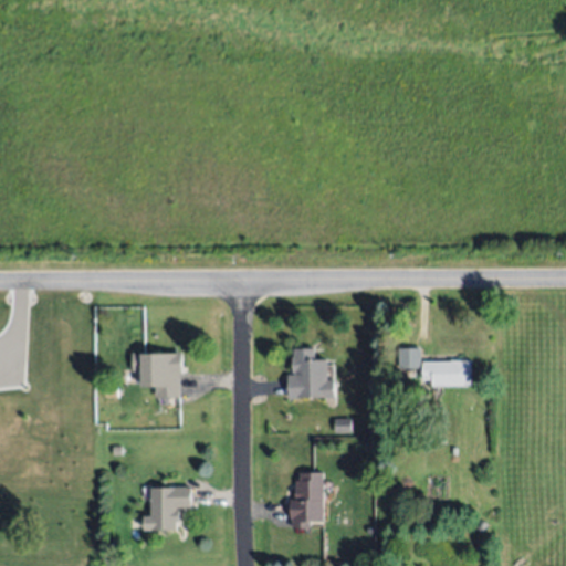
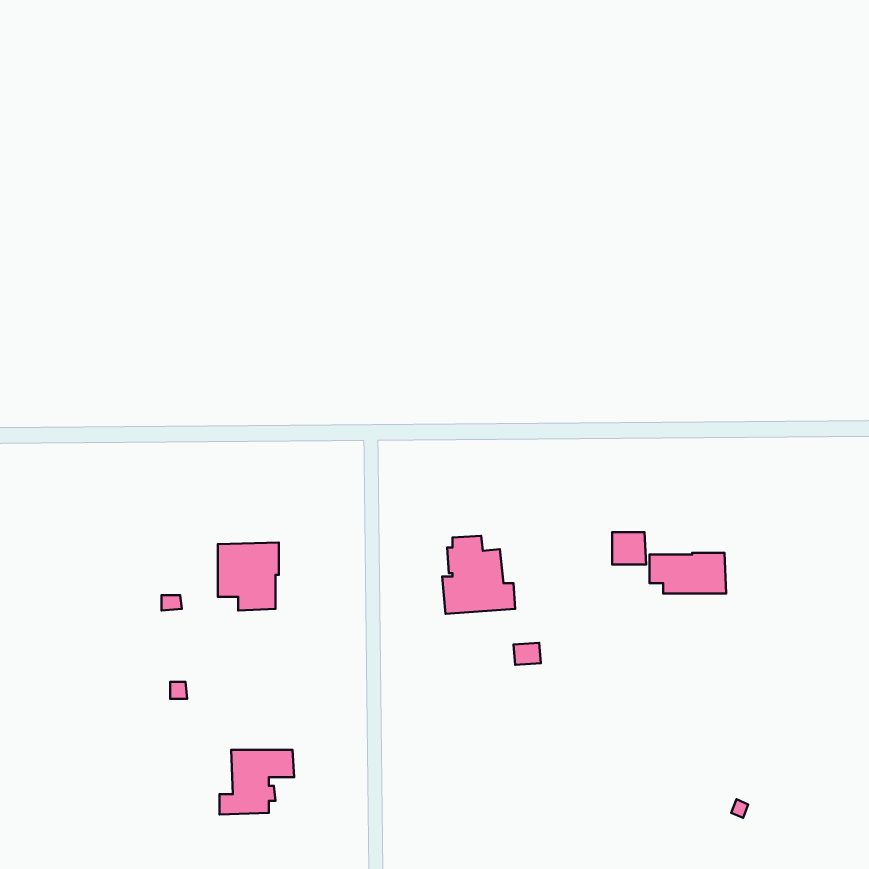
building: [291,470,324,527] -> none

